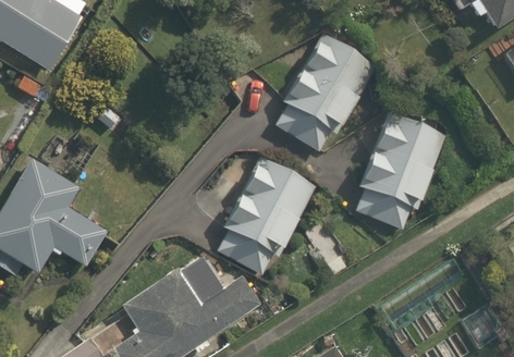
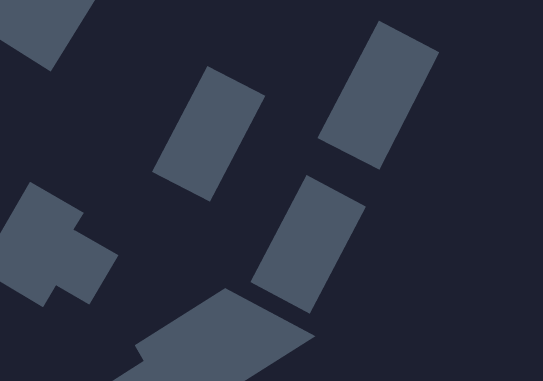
building: none -> [151,65,266,202]
building: [351,107,450,235] -> none

